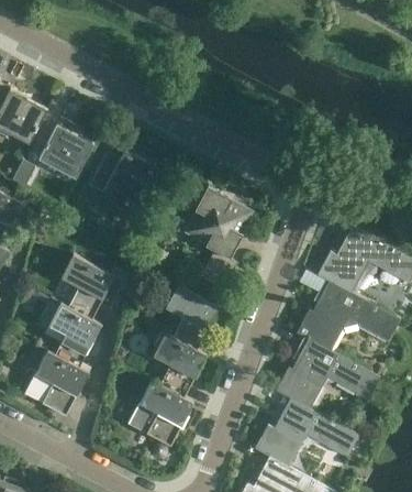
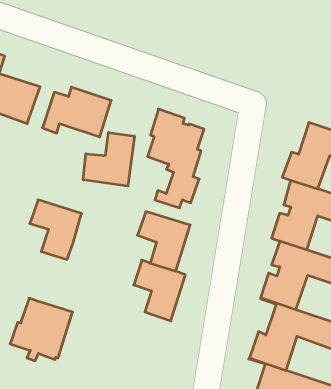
building: none -> [83,132,134,186]
building: [48,303,101,368] -> none
building: [130,381,192,446] -> none

